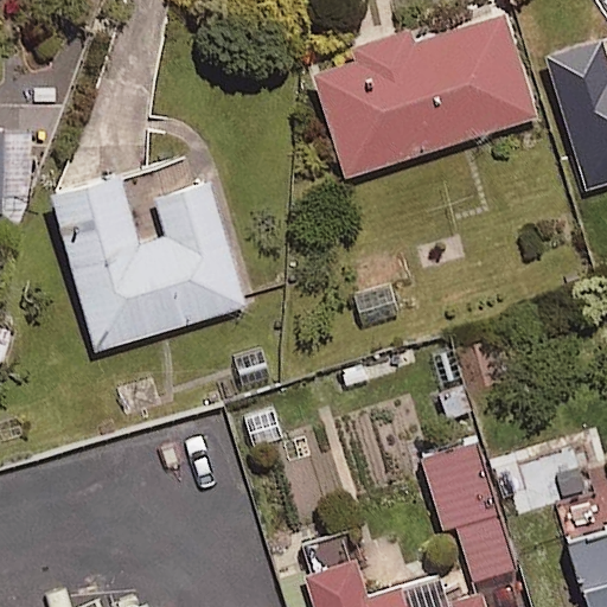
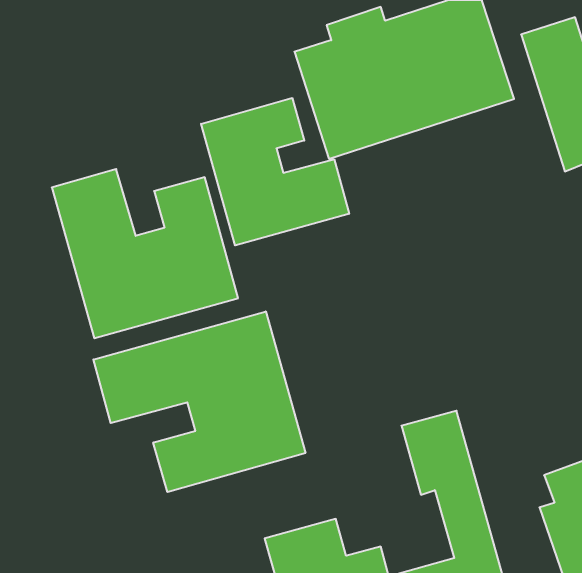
building: none -> [201,98,349,245]
building: none -> [93,311,305,492]

